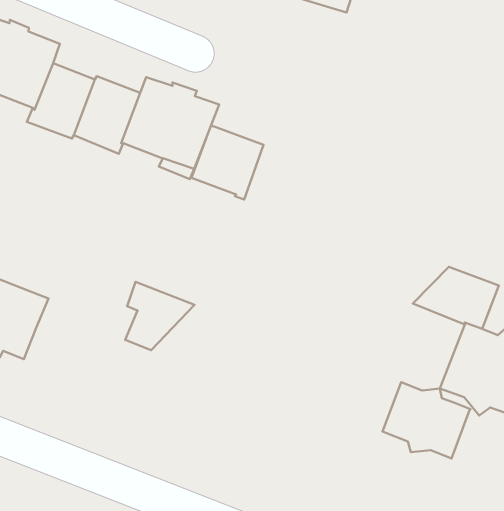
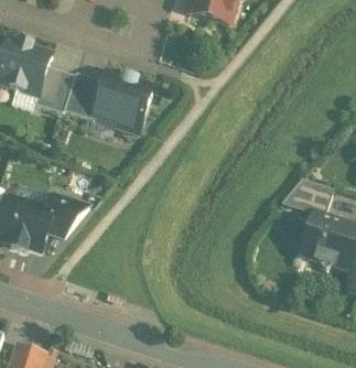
building: [192,126,263,200] -> none
building: [125,282,194,350] -> [47,195,89,237]
building: [383,382,470,459] -> none

